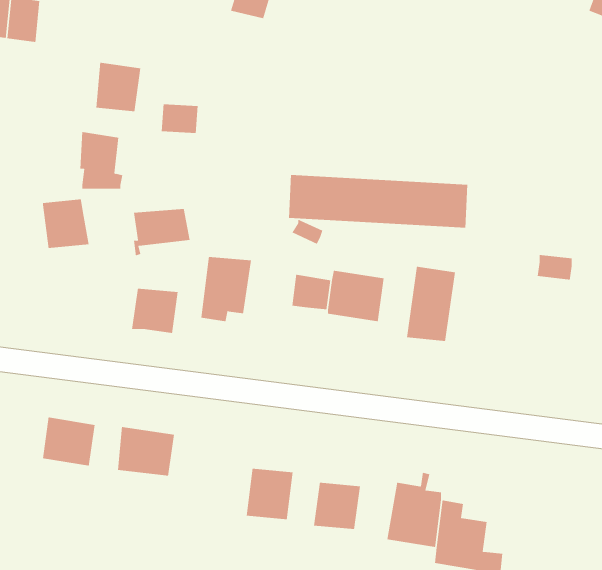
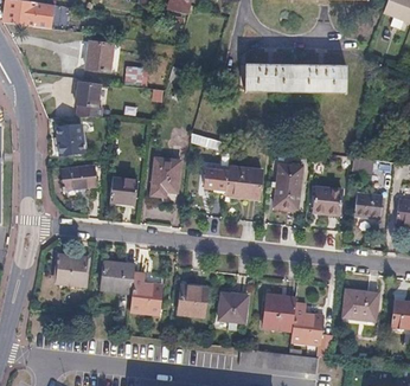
building: [288,175,468,228] -> [239,62,347,94]
building: [133,209,191,256] -> [62,167,96,195]
building: none -> [312,186,341,217]
building: none -> [353,193,382,218]
building: none -> [128,272,162,314]
building: none -> [341,288,377,320]

